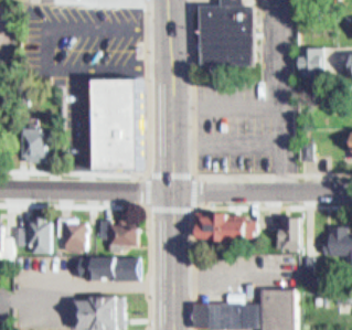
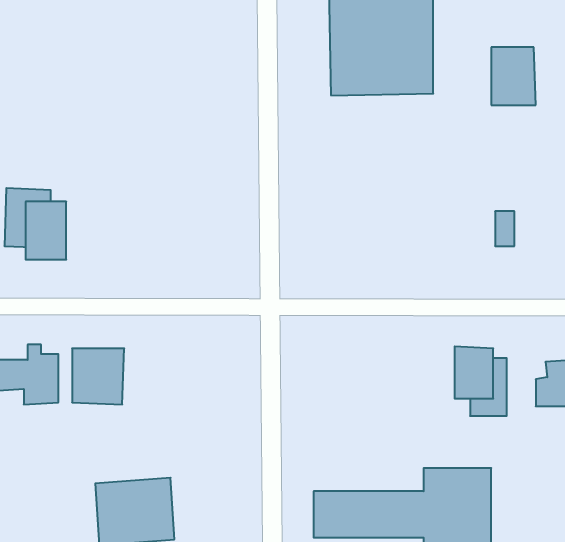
building: [89,83,136,169] -> none
building: [193,215,252,243] -> none
building: [106,222,135,249] -> none
building: [84,255,137,280] -> none

